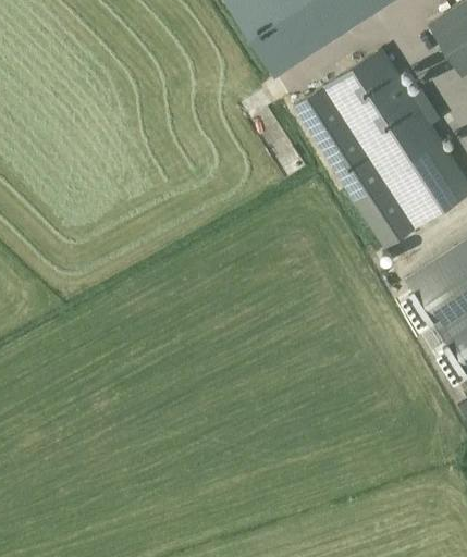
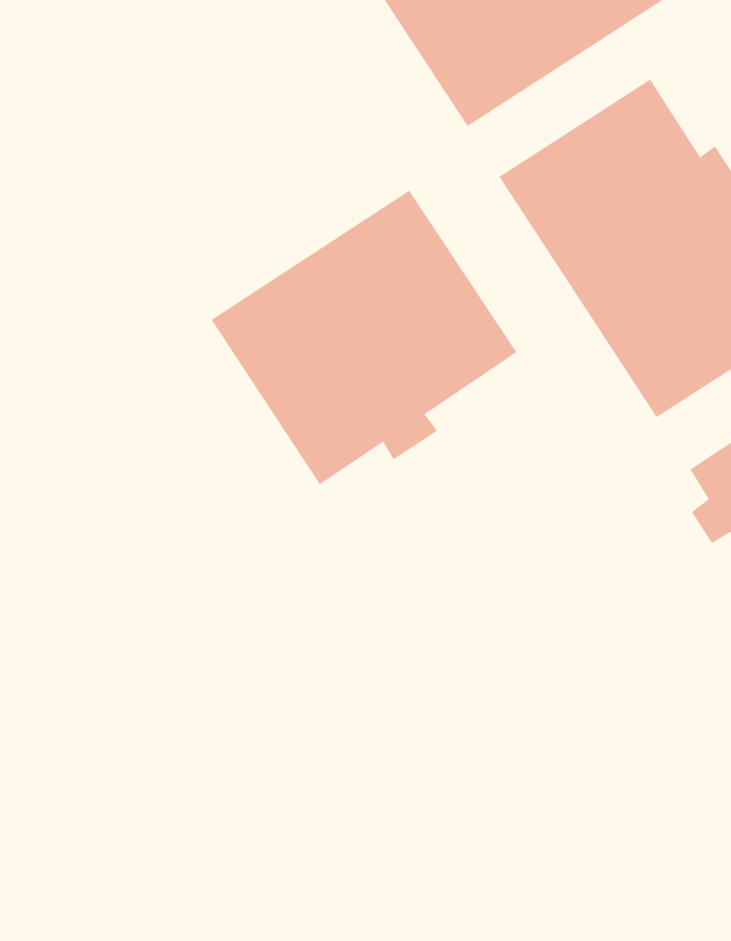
building: none -> [211,190,517,485]

